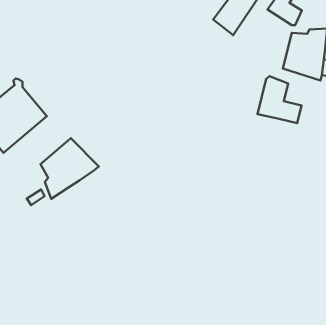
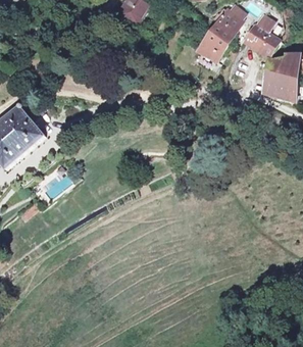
building: [258,76,302,123] -> none
building: [40,138,99,199] -> none

